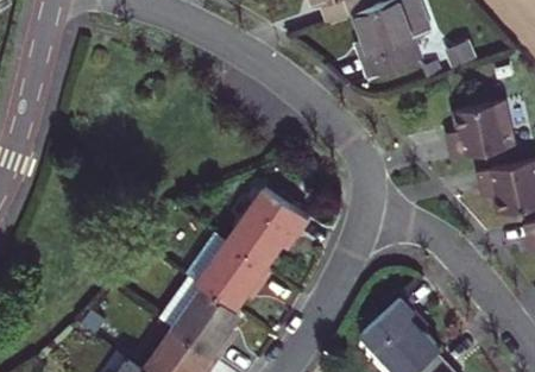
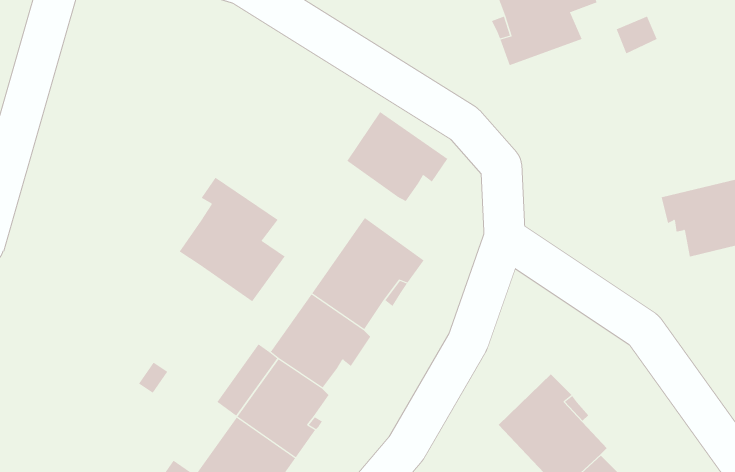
building: [446,101,511,159] -> none
building: none -> [347,111,448,202]
building: none -> [179,177,285,302]

